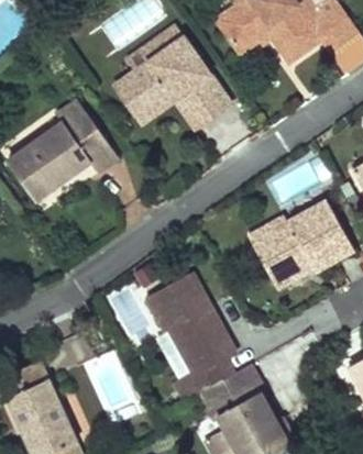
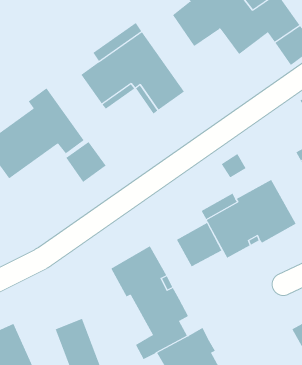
building: none -> [65,141,107,183]
building: none -> [176,222,222,267]

